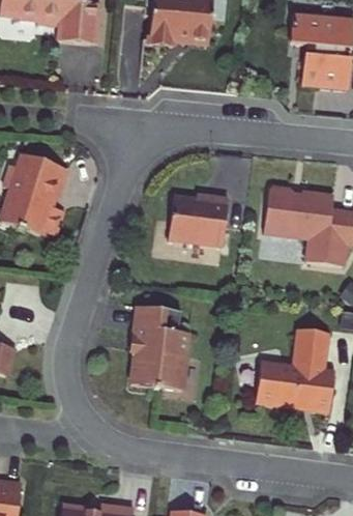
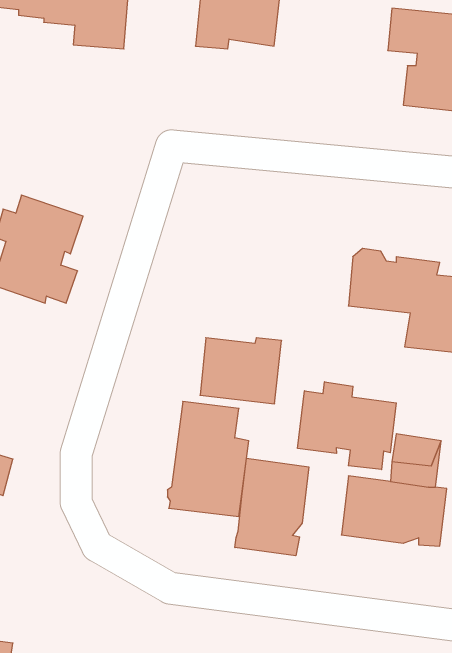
building: [156,194,216,242] -> [200,338,282,404]
building: none -> [298,382,396,470]
building: none -> [235,458,309,556]

